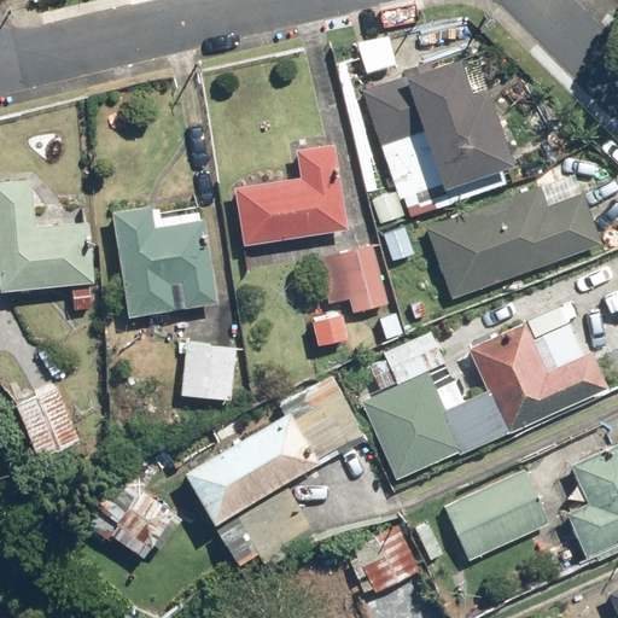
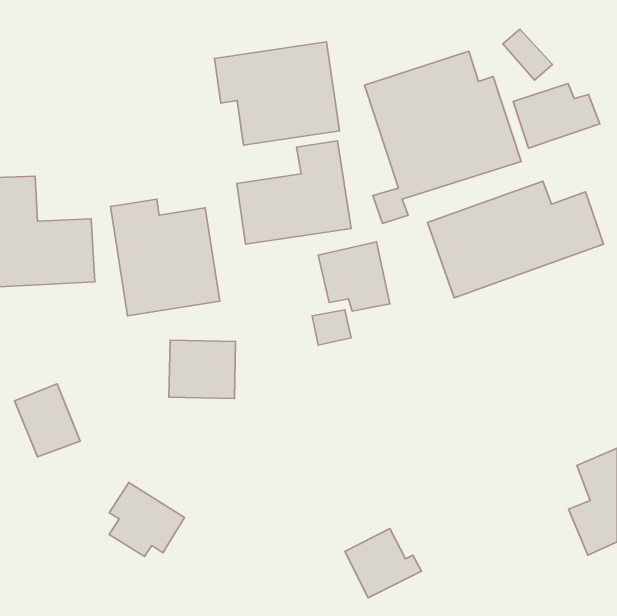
building: none -> [214,42,340,145]
building: none -> [513,84,600,148]
building: [362,325,608,480] -> none
building: [187,378,365,564] -> none
building: [444,470,550,561] -> none

